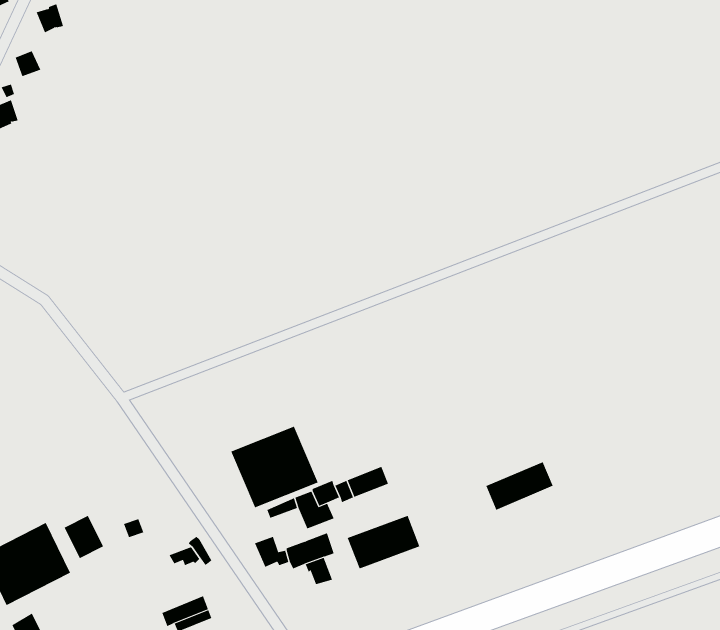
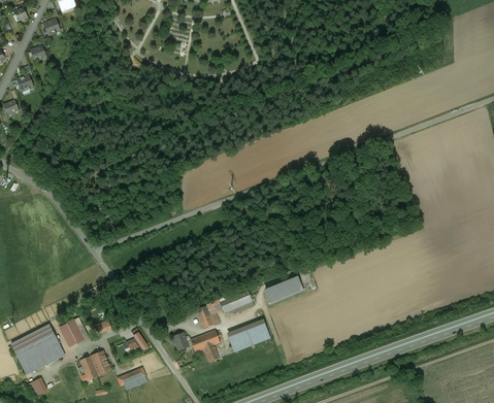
building: [231,426,318,508] -> none
building: [486,461,554,510] -> [264,275,304,304]
building: none -> [79,350,111,380]

